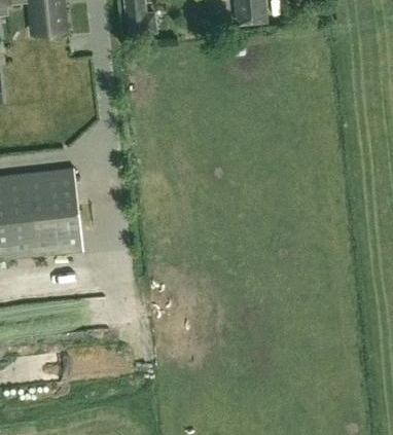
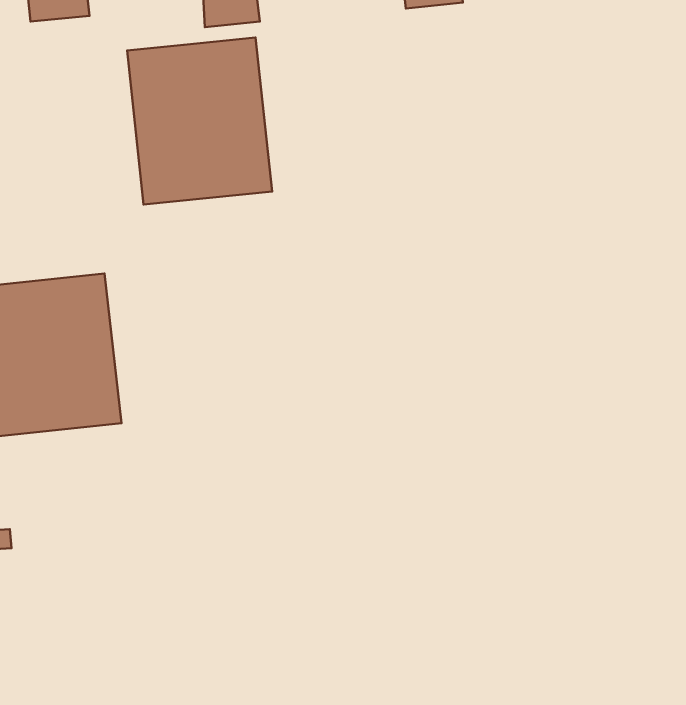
building: none -> [127,37,272,204]

